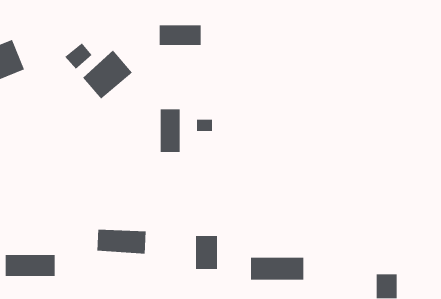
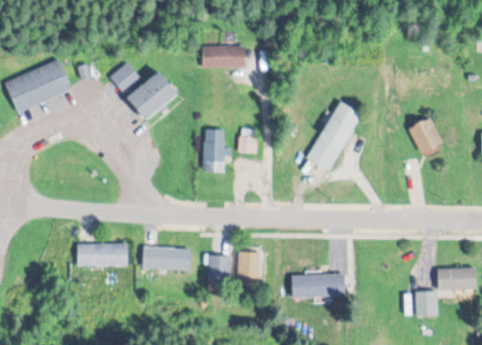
building: none -> [307,101,363,171]
building: none -> [408,117,443,154]
building: none -> [208,256,231,285]
building: none -> [438,267,475,288]
building: [5,255,56,276] -> [77,244,127,265]

